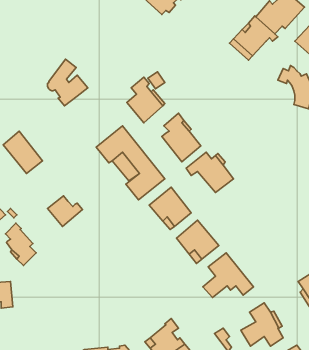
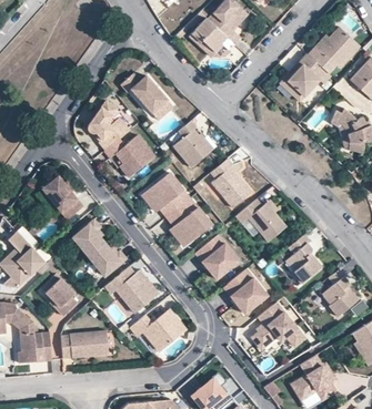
building: none -> [121,72,167,112]
building: none -> [104,134,155,177]
building: none -> [73,219,105,256]
building: none -> [282,232,320,280]
building: none -> [320,265,359,316]
building: none -> [105,266,160,310]
building: none -> [131,309,187,351]
building: none -> [61,331,108,358]

